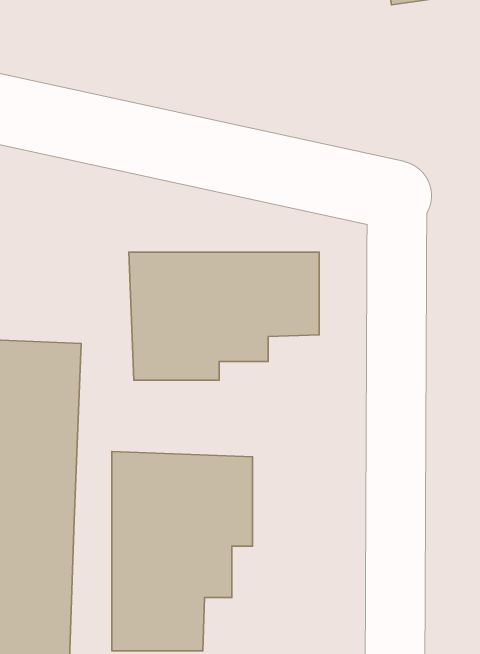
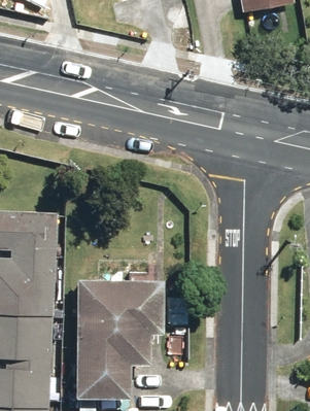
building: [129,252,319,380] -> none

